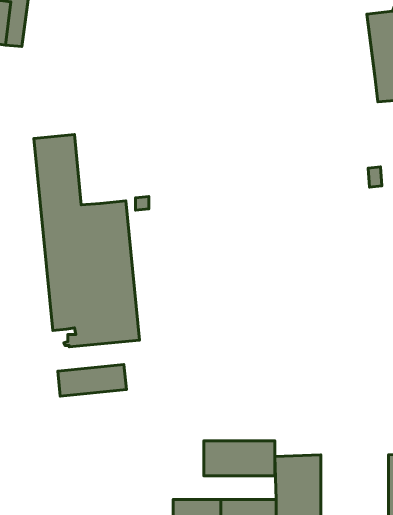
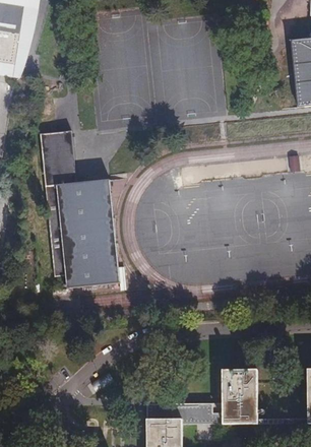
building: [58,365,126,396] -> none
building: [204,441,275,476] -> none

